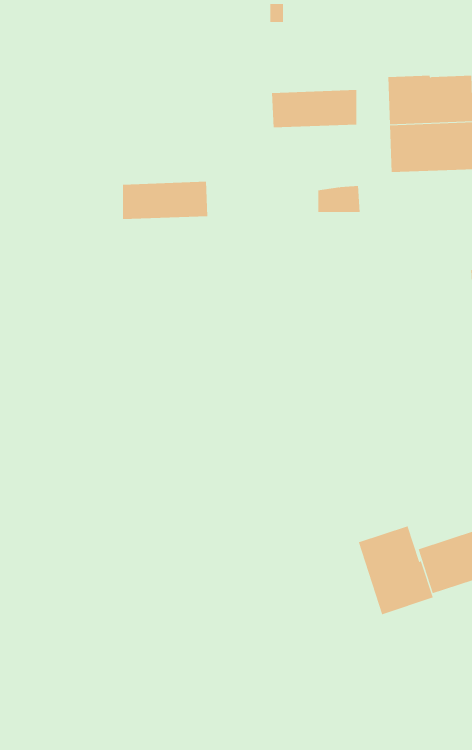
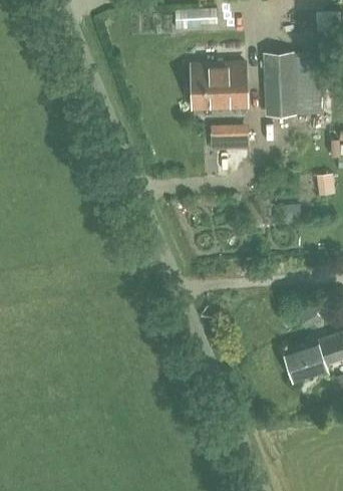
building: [122,181,208,220] -> [192,85,246,109]
building: [358,525,434,615] -> none

